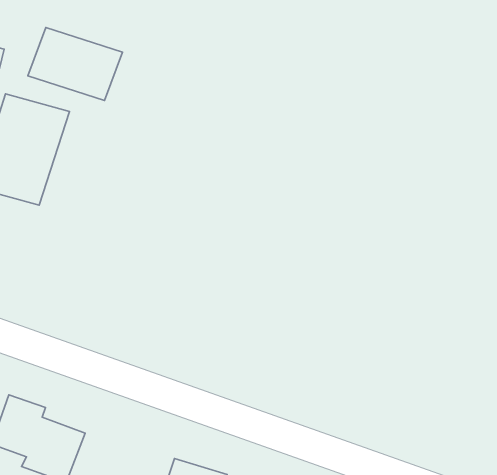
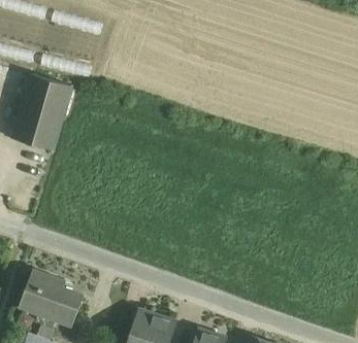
building: [28,27,123,100] -> none

